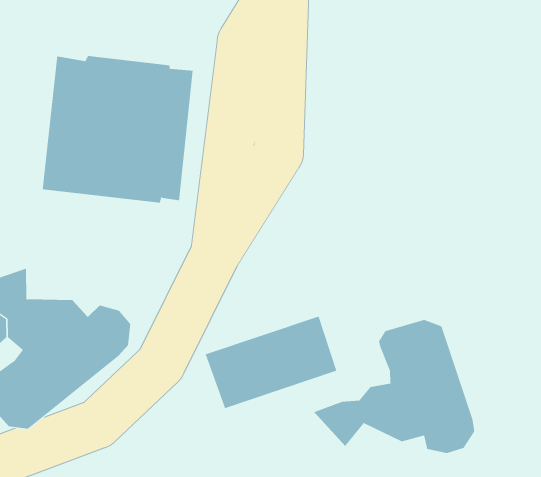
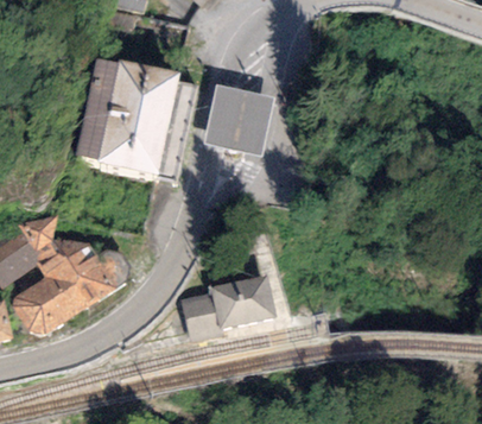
building: none -> [203,84,274,156]
building: [313,319,475,454] -> none

